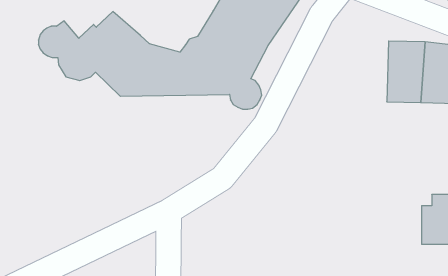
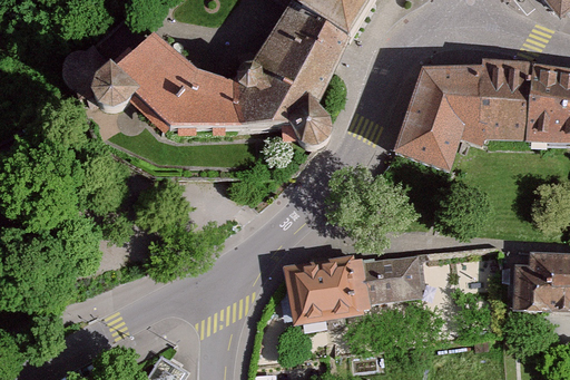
building: none -> [394,65,484,170]
building: none -> [291,249,428,322]

